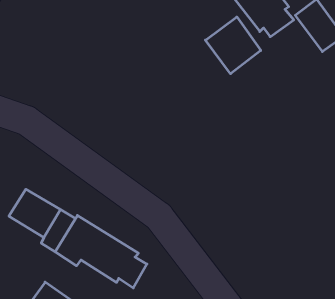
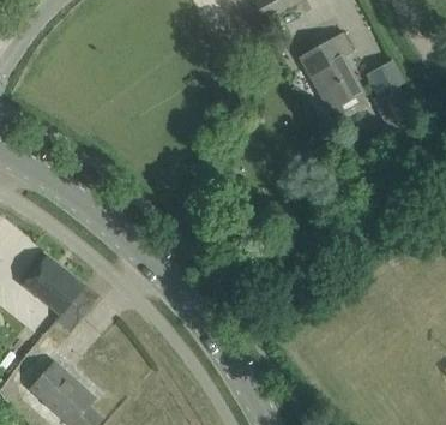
building: [205,17,261,74] -> none
building: [55,215,147,288] -> none

